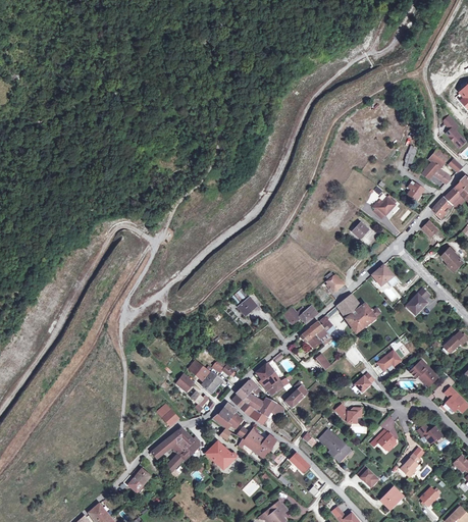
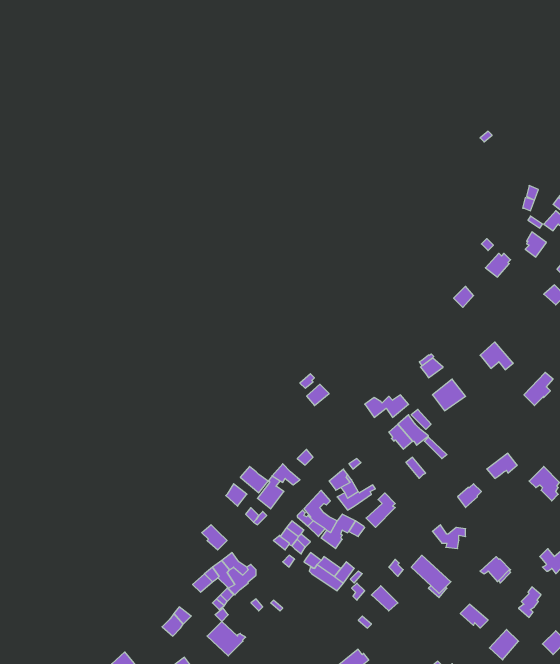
building: [345,304,379,332] -> none
building: [207,442,237,469] -> [207,621,246,656]

